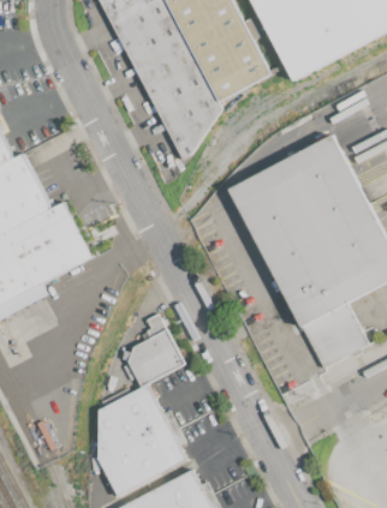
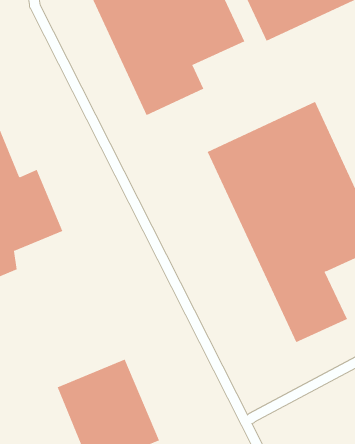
building: [123,312,184,386] -> none

